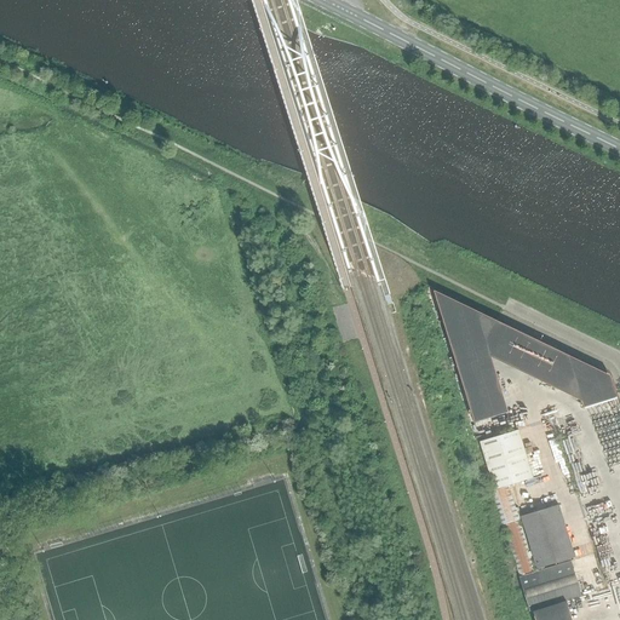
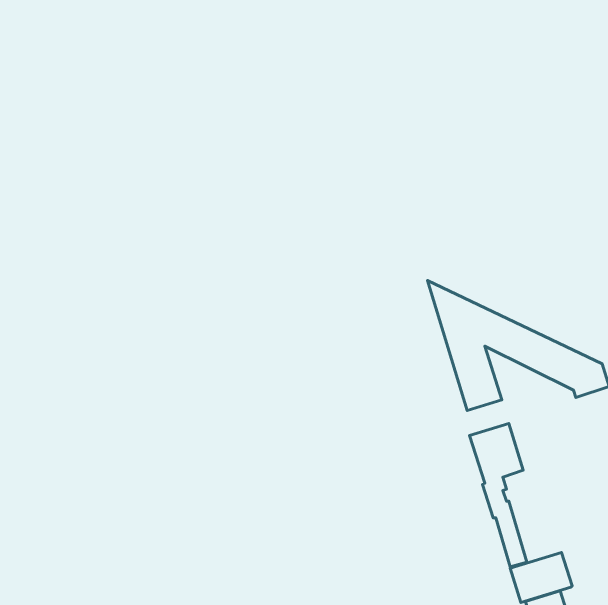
building: [521,510,574,574] -> none

